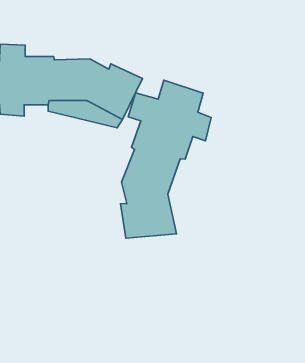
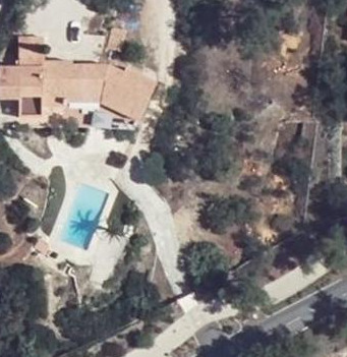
building: [120,80,211,238] -> none

